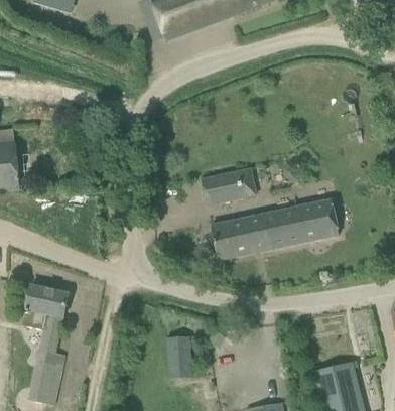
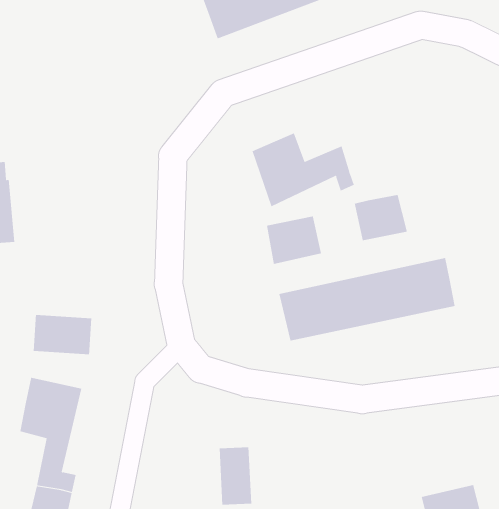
building: none -> [252,132,355,207]
building: none -> [354,194,408,241]
building: none -> [33,314,92,355]

